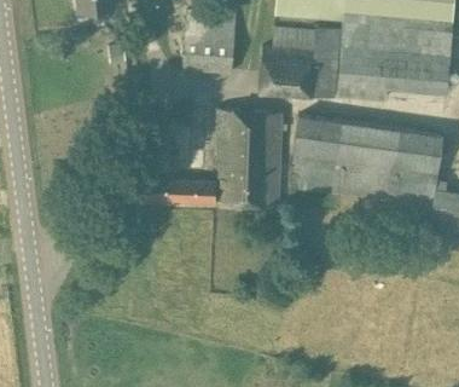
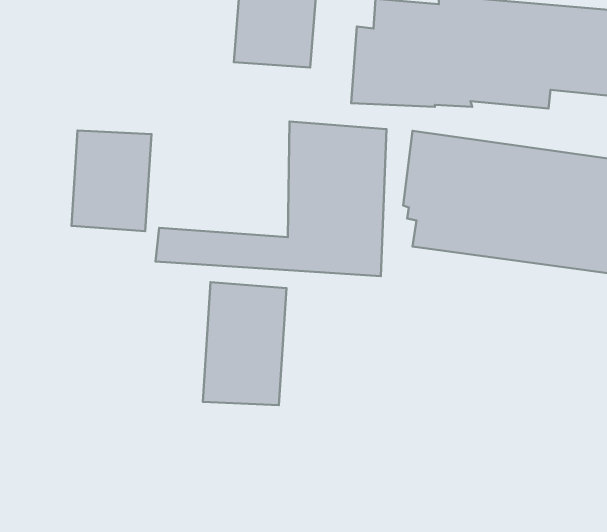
building: none -> [71,131,152,231]
building: none -> [203,282,287,405]

